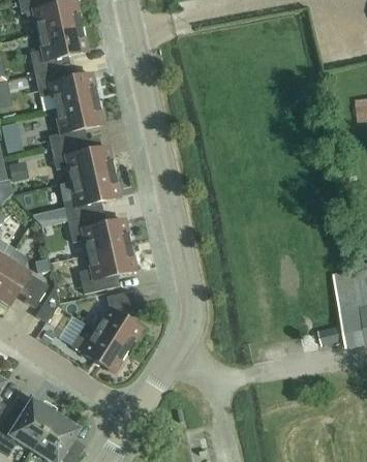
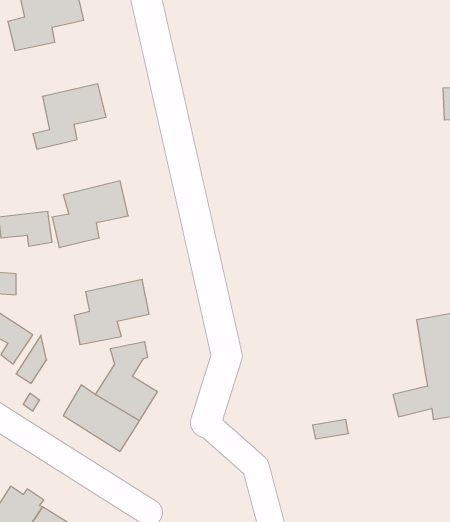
building: [34,67,96,107] -> none
building: [51,140,113,181] -> none
building: [67,213,129,253] -> none

